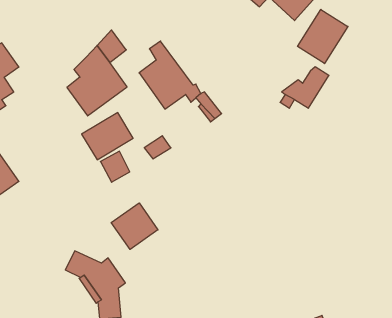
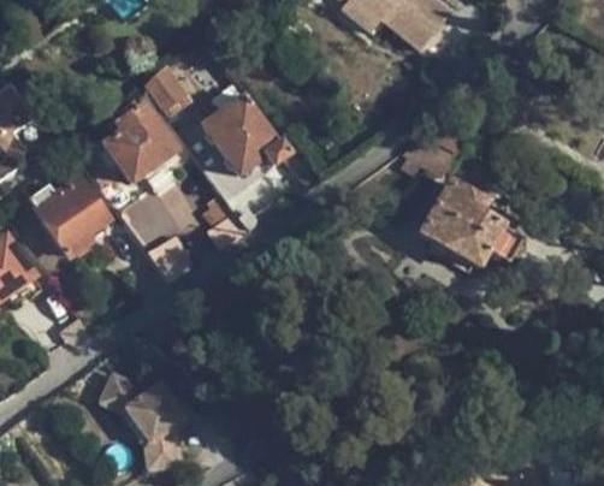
building: [298,9,348,64] -> none
building: none -> [26,177,109,259]
building: none -> [419,182,522,269]
building: [111,203,158,249] -> none

